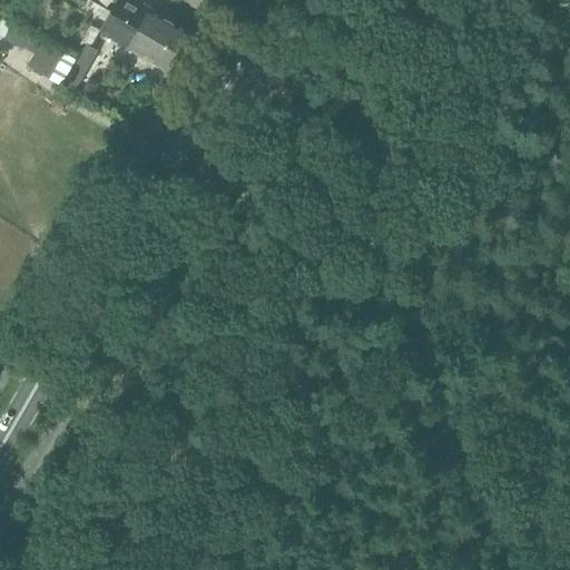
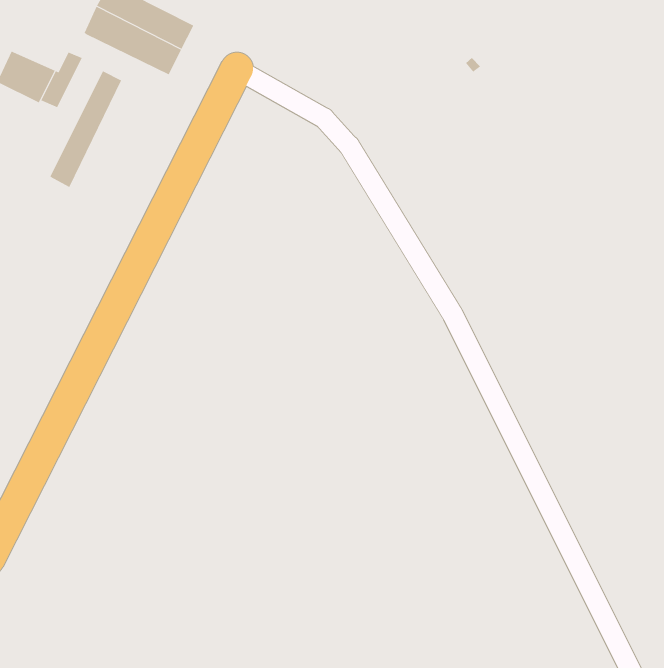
building: none -> [50,71,122,188]

